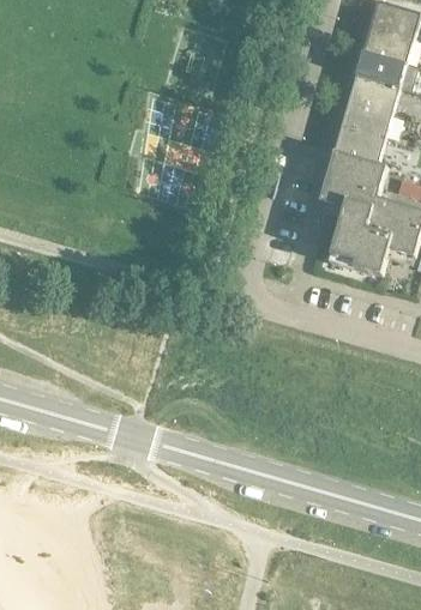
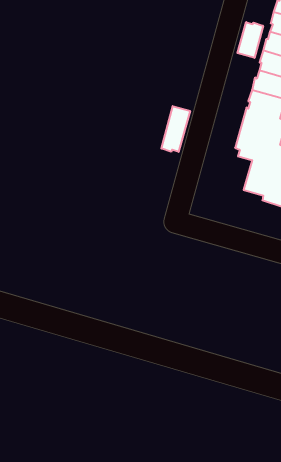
building: none -> [237,22,263,58]
building: none -> [161,106,190,152]

